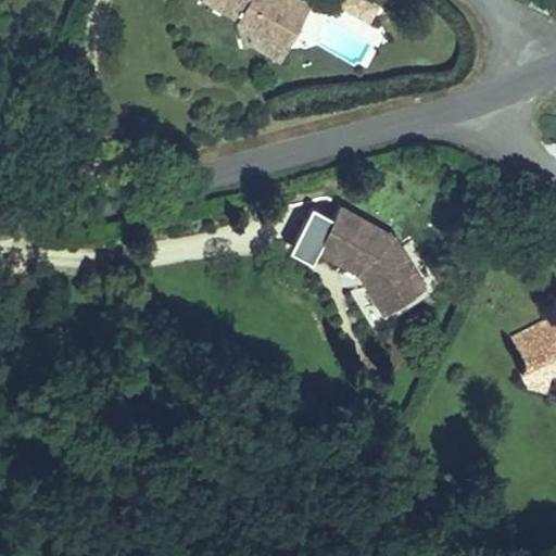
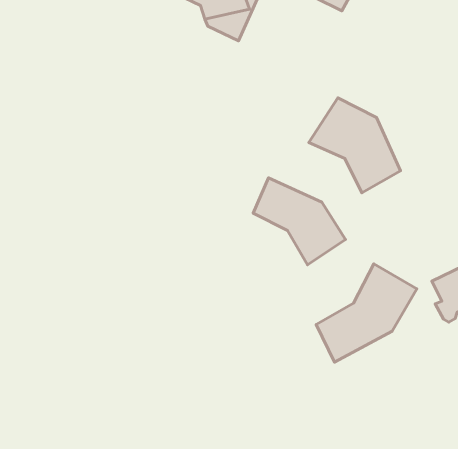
building: none -> [309,98,400,193]
building: none -> [316,264,417,362]

